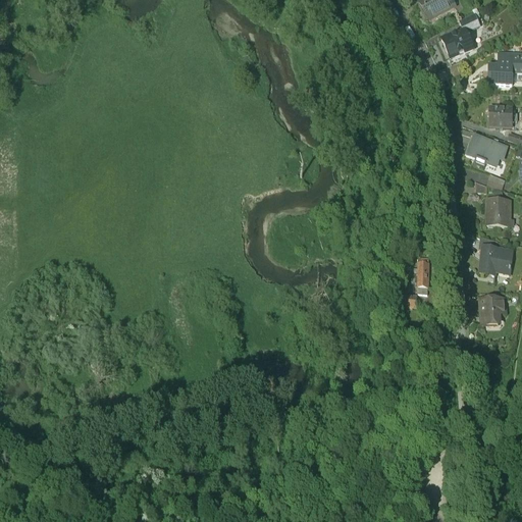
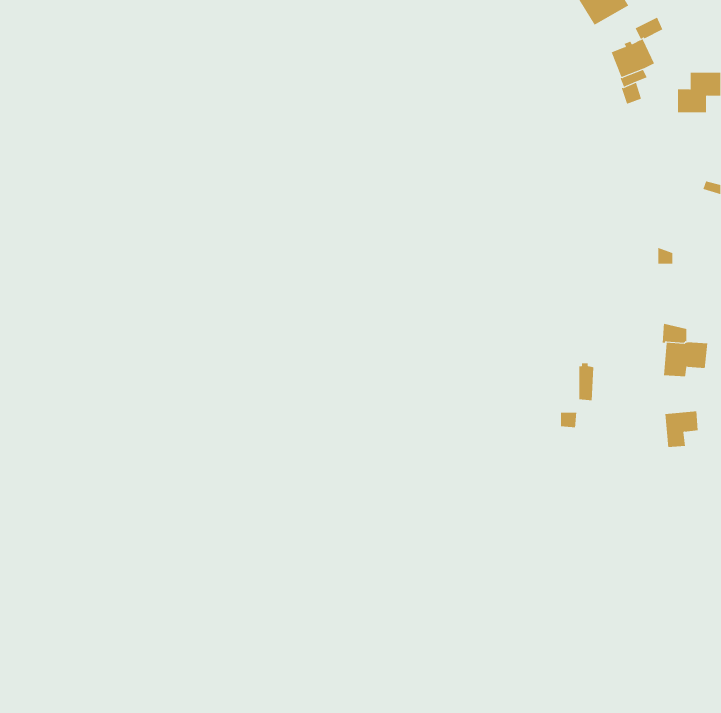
building: [489,105,516,123] -> none
building: [465,133,506,163] -> none
building: [486,197,509,223] -> none

